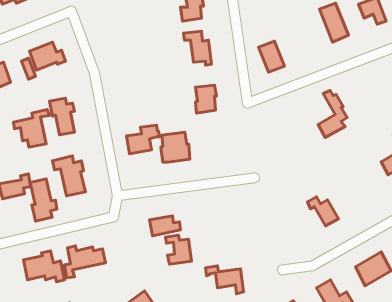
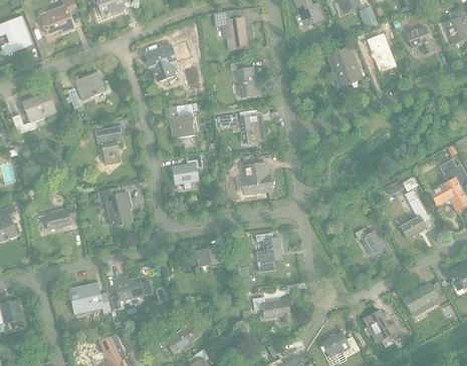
building: none -> [144,44,176,80]
building: [258,41,284,72] -> [332,54,359,85]
building: none -> [170,102,197,137]
building: [318,90,347,137] -> [398,191,427,238]
building: [14,109,49,147] -> none
building: [161,132,190,162] -> [241,162,270,193]
building: [30,179,57,221] -> none
building: [165,235,191,264] -> [254,233,280,262]

